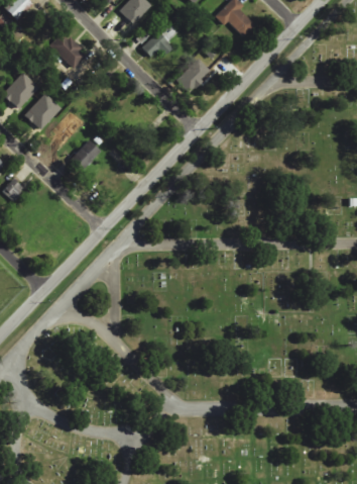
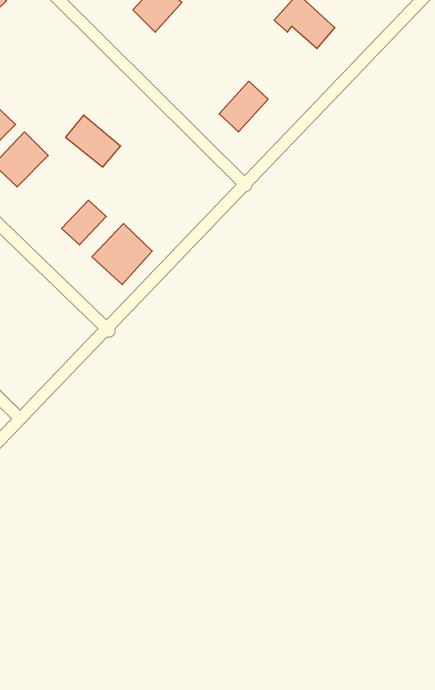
building: [141,22,176,57] -> none
building: [48,32,86,68] -> [66,115,121,167]
building: none -> [92,223,152,285]

